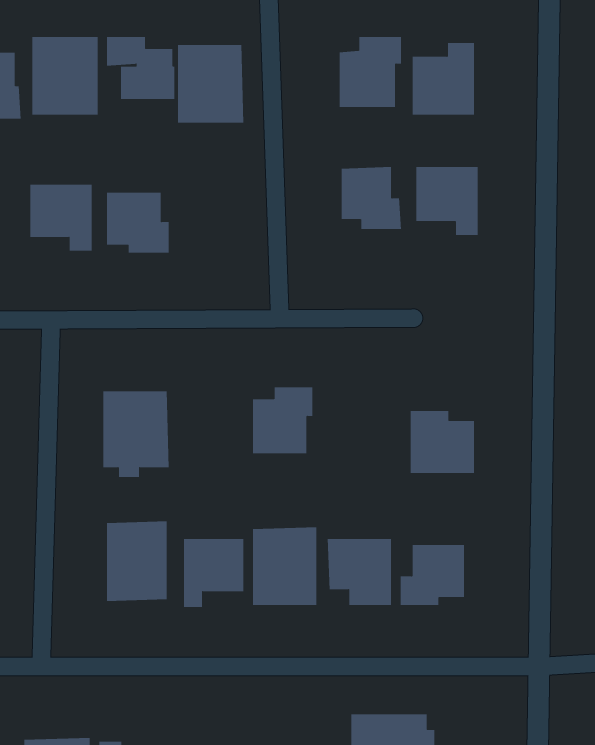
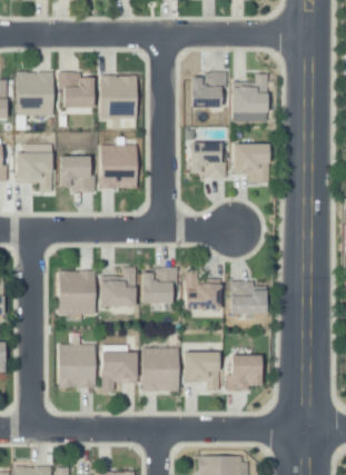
building: none -> [102,145,139,190]
building: none -> [100,266,137,311]
building: none -> [186,269,223,313]

